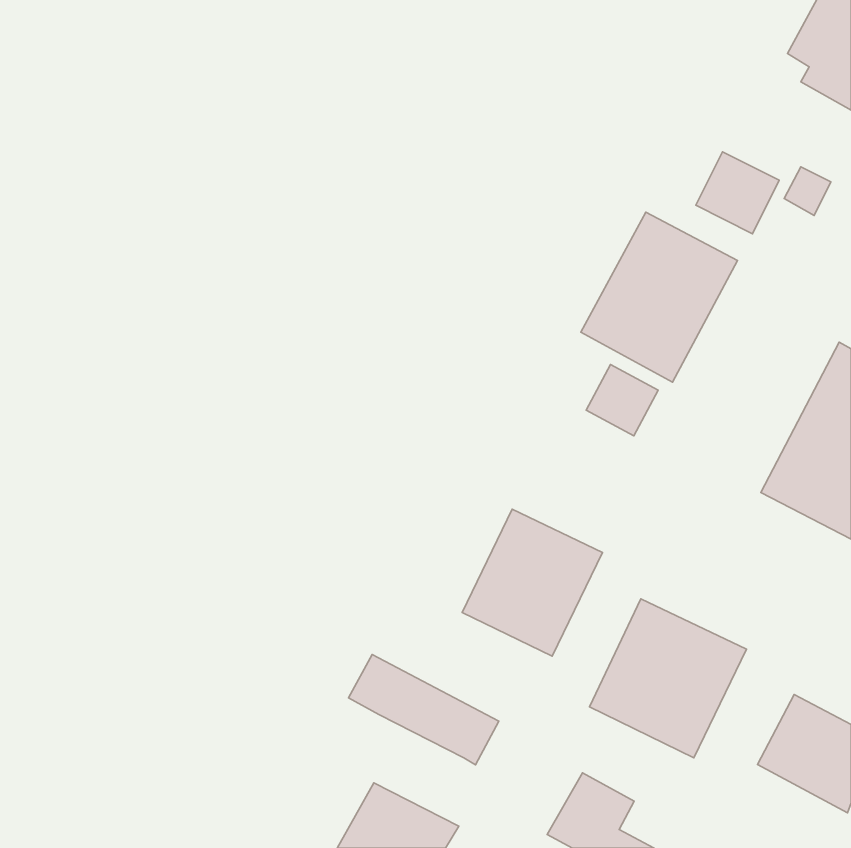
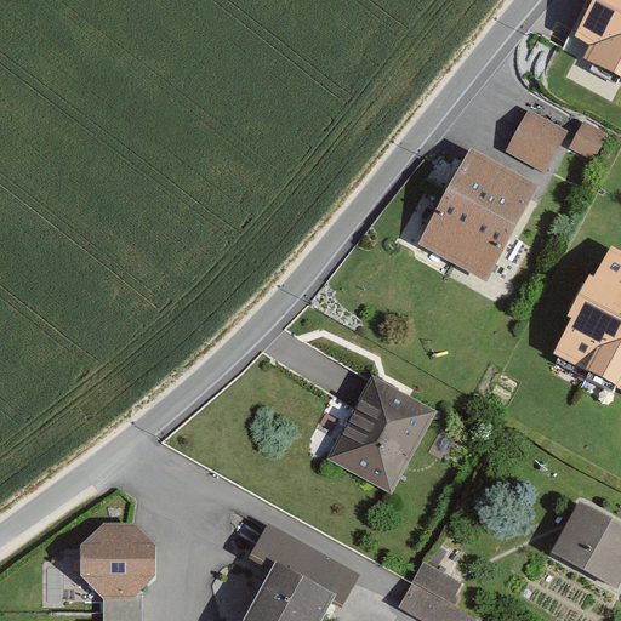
building: [586,365,658,436] -> none
building: [590,599,747,758] -> none
building: [349,655,499,765] -> [250,525,359,605]
building: none -> [80,524,153,597]

